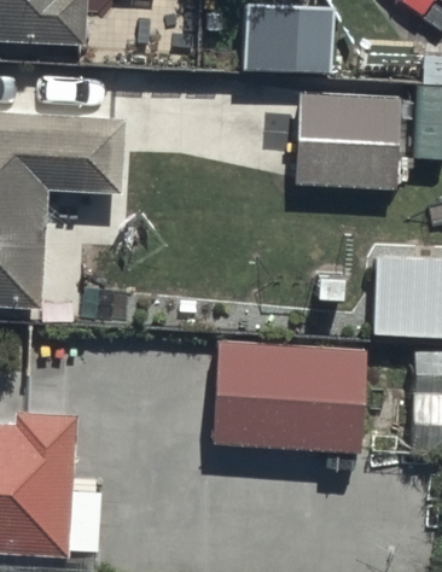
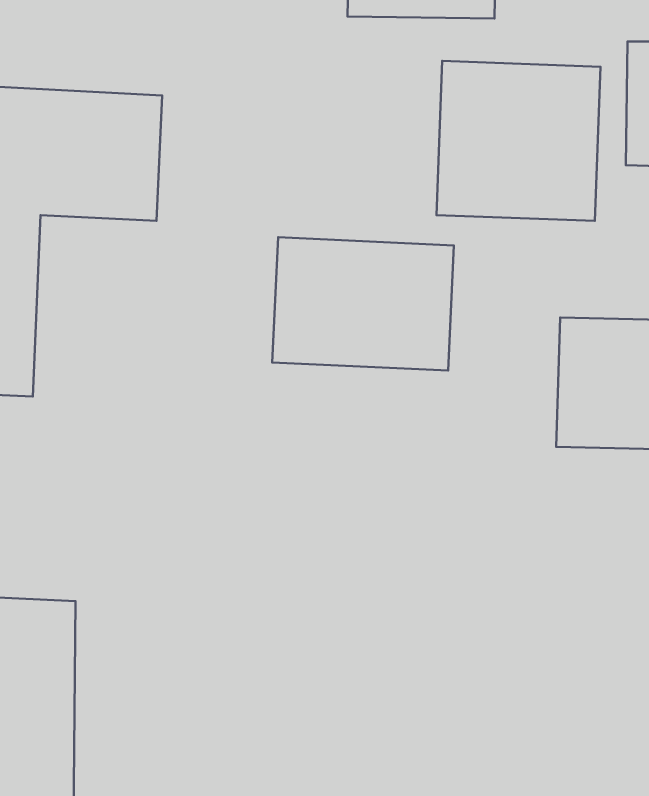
building: none -> [272,237,454,371]
building: [208,342,367,446] -> none

